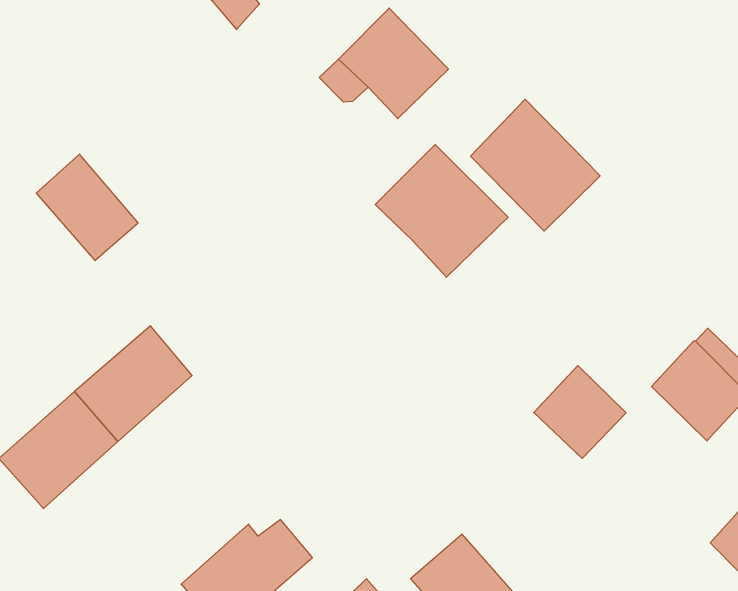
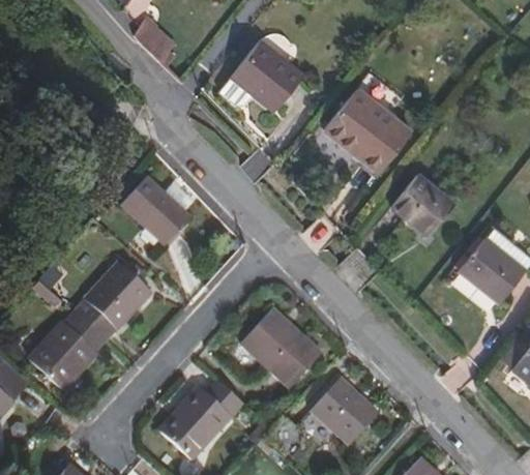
building: [375,145,508,277] -> none
building: [36,154,138,261] -> [125,179,195,248]
building: [534,366,626,458] -> [388,171,449,232]
building: none -> [239,307,322,388]

